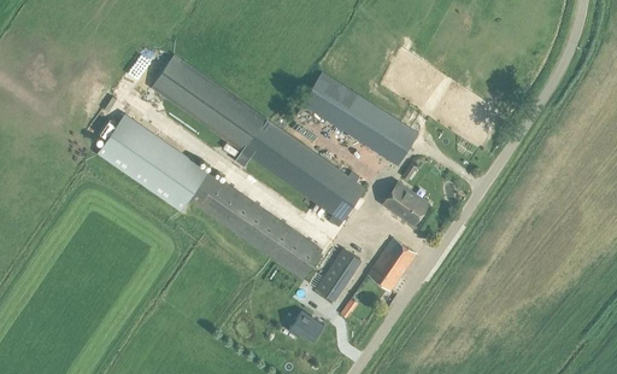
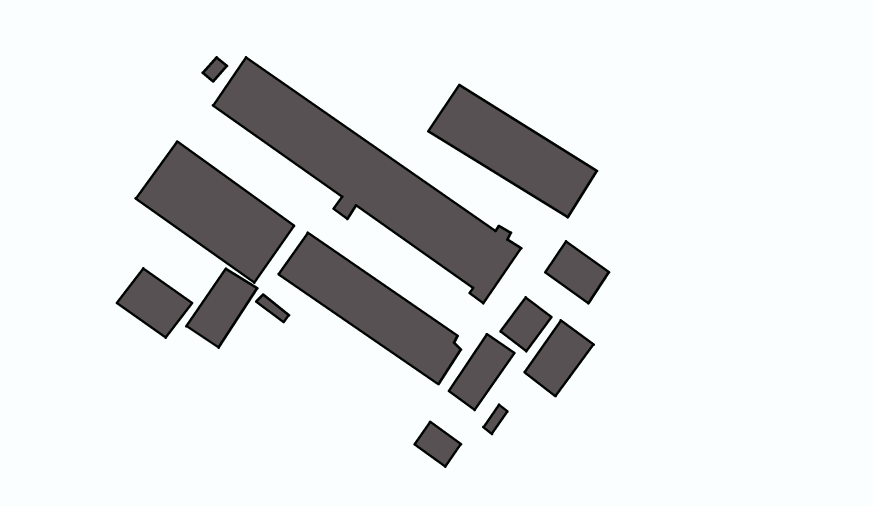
building: none -> [117,268,192,338]
building: none -> [186,269,257,348]
building: none -> [501,297,551,351]

